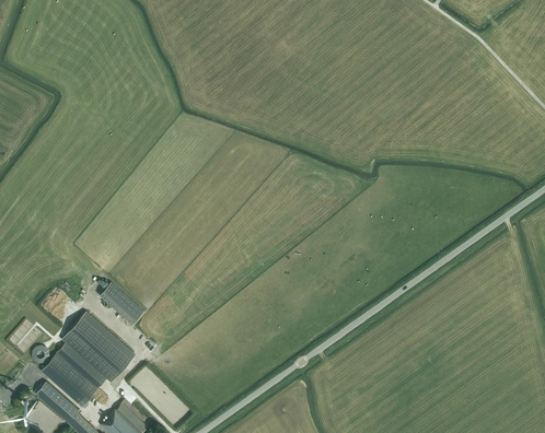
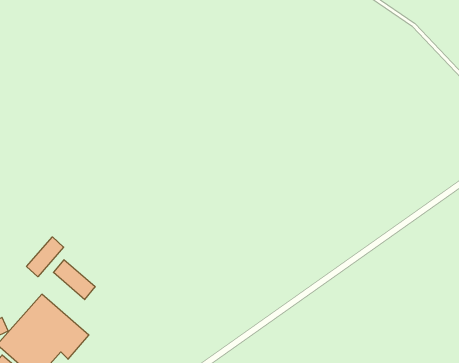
building: none -> [27,237,64,277]

